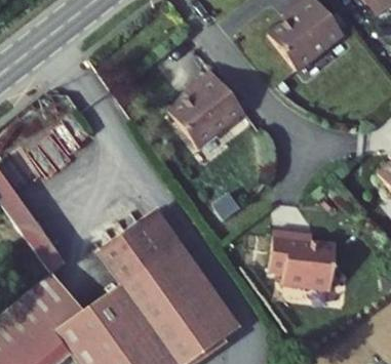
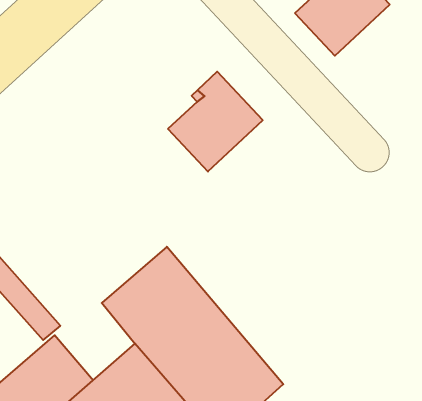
building: [270,231,336,289] -> none

